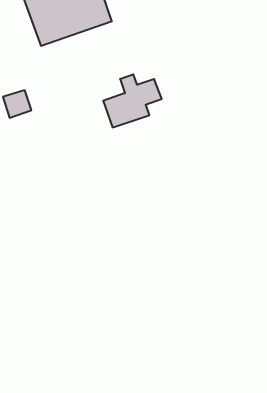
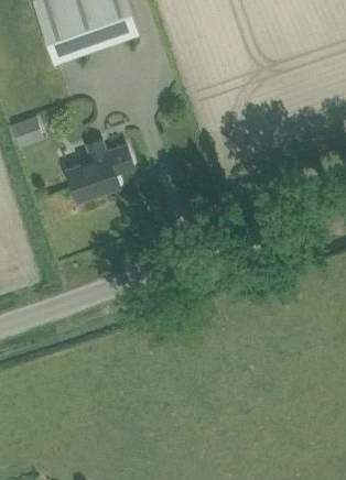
building: [103,74,162,127] -> [65,142,133,204]

